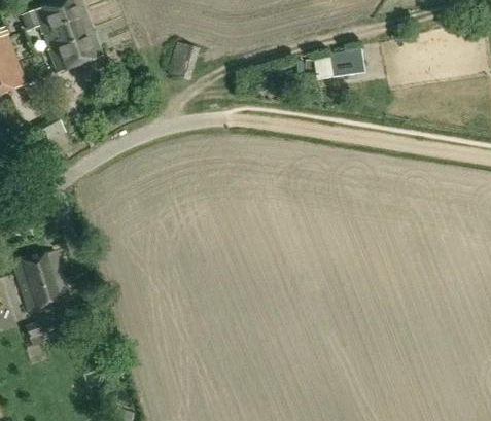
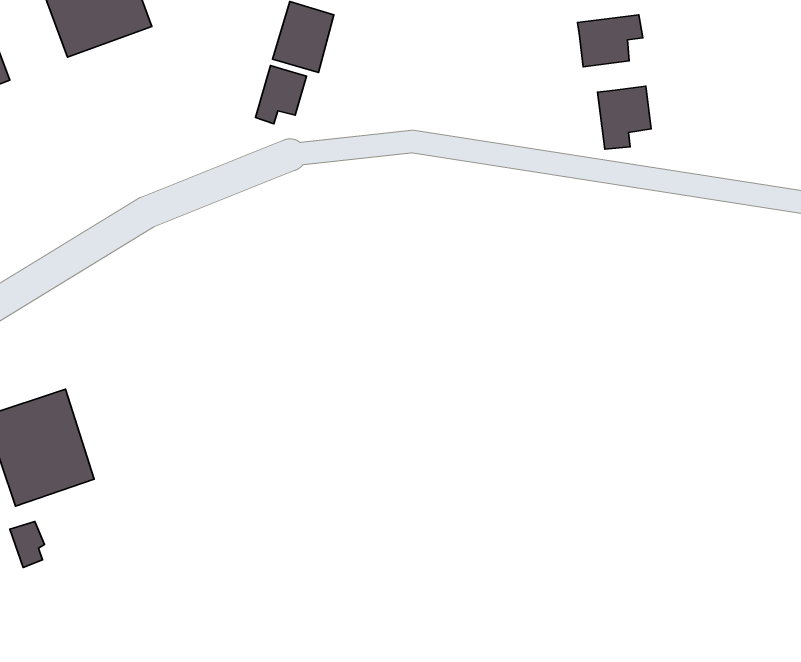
building: none -> [255,66,306,124]
building: none -> [598,86,651,149]

